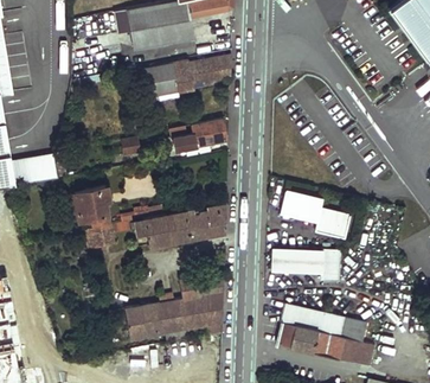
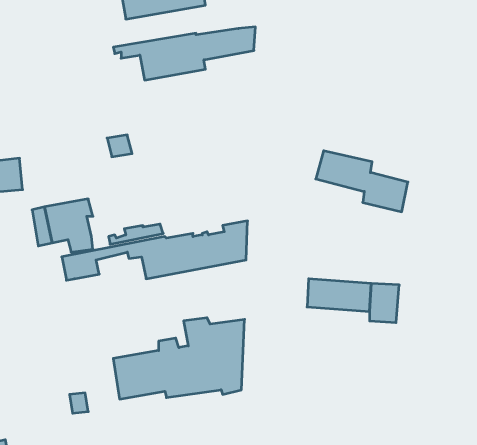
building: [171,120,227,152] -> none
building: [281,192,351,238] -> [316,151,408,212]
building: [277,302,385,366] -> none

